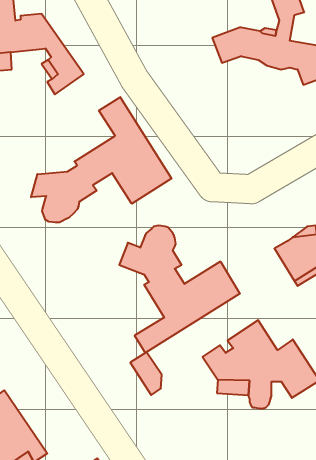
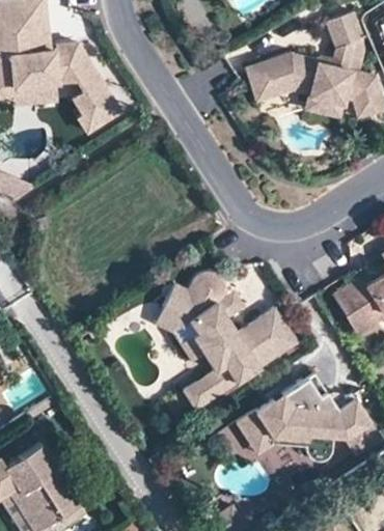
building: none -> [249,66,348,118]
building: [31,97,171,223] -> none
building: [130,352,162,395] -> [236,412,270,458]

